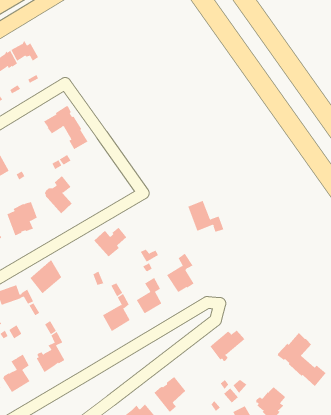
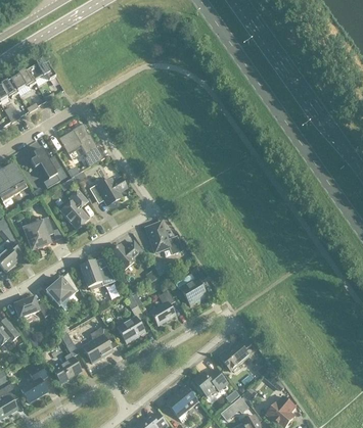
building: none -> [30,147,60,179]
building: none -> [89,177,126,204]
building: [188,200,224,233] -> [145,221,181,252]
building: none -> [80,259,116,288]
building: none -> [82,324,112,363]
building: [277,332,326,387] -> none
building: none -> [193,367,228,395]

